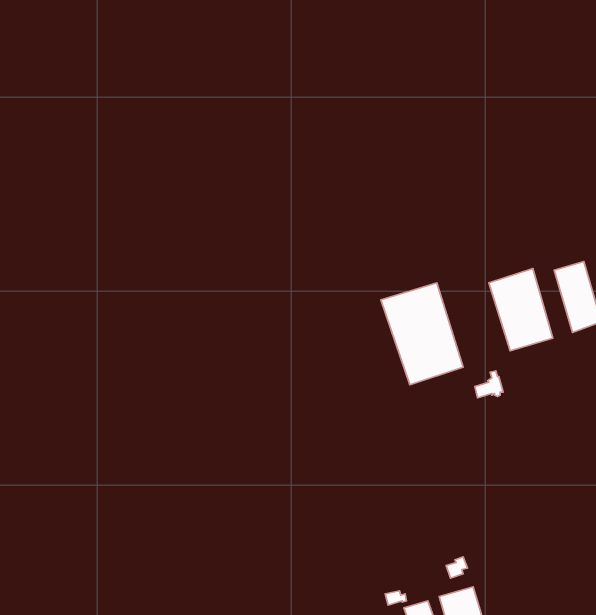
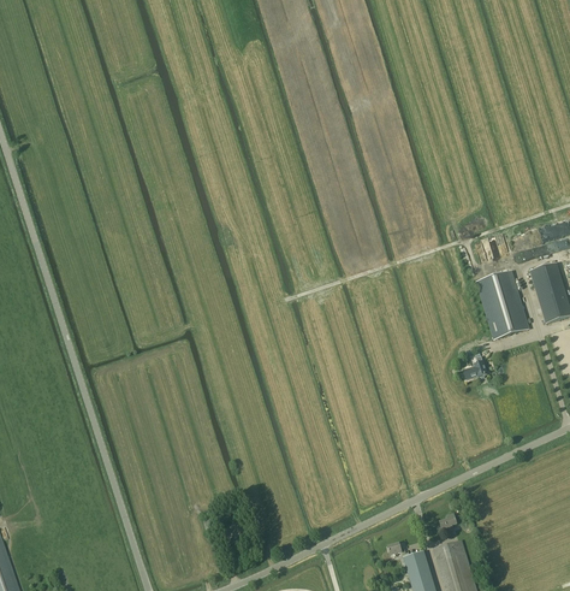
building: [381,283,463,385] -> none

